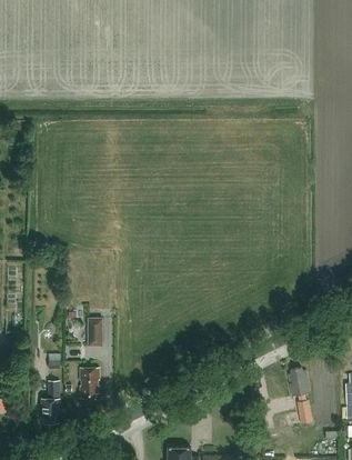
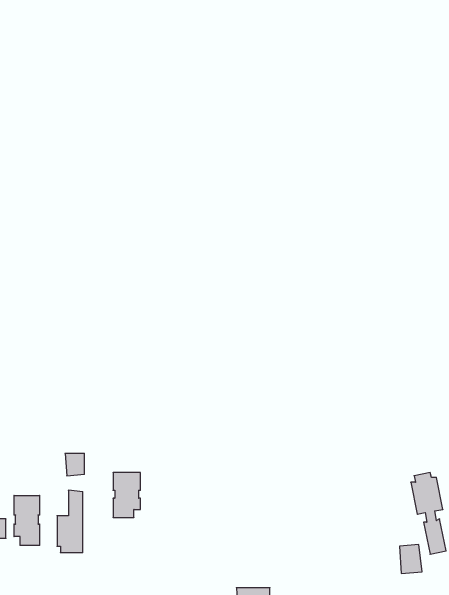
building: [88,318,104,347] -> none
building: none -> [14,495,40,545]

